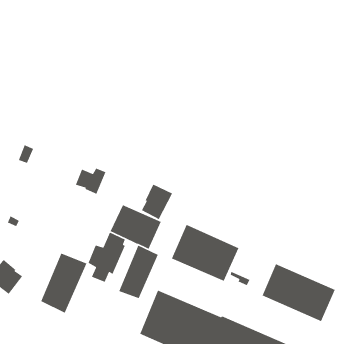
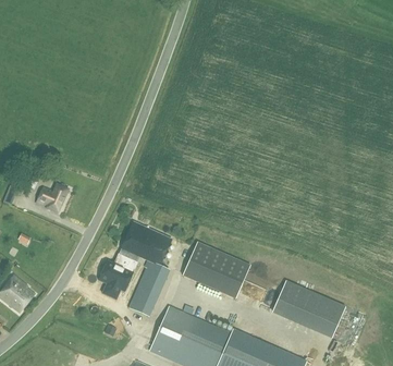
building: [75,168,107,195] -> [36,184,67,211]
building: [141,183,173,220] -> none
building: [40,252,88,314] -> none

